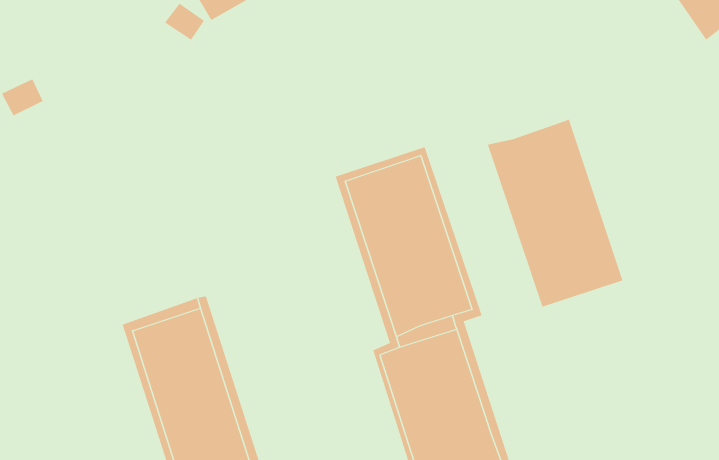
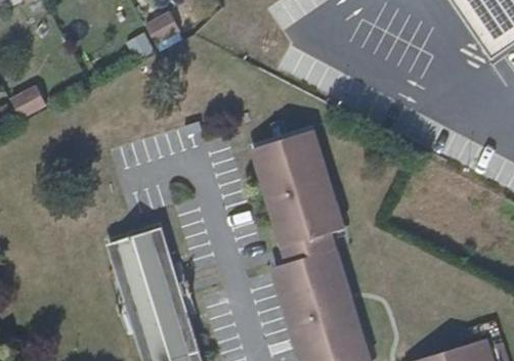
building: [487,119,623,307] -> none

